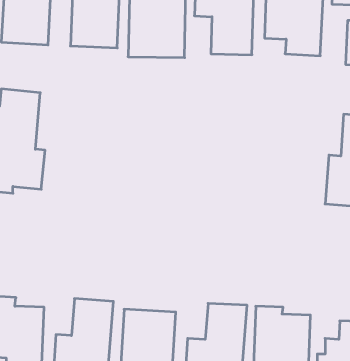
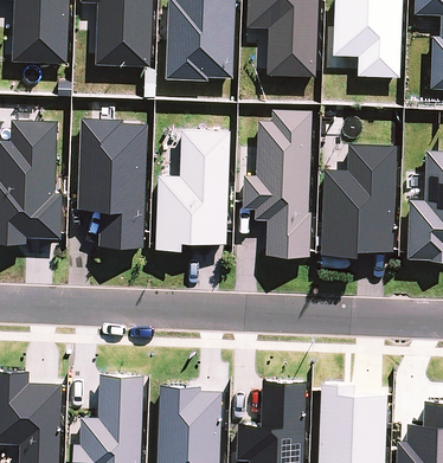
building: none -> [242,111,313,256]
building: none -> [77,121,149,249]
building: none -> [155,130,231,250]
building: none -> [321,144,396,253]

